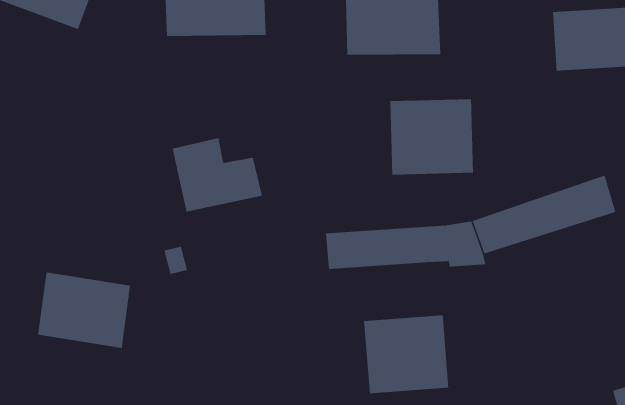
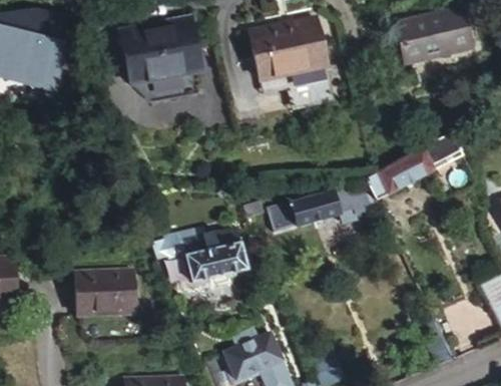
building: [390,99,474,175] -> none
building: [172,137,263,212] -> [177,218,246,274]
building: [363,314,449,394] -> none

